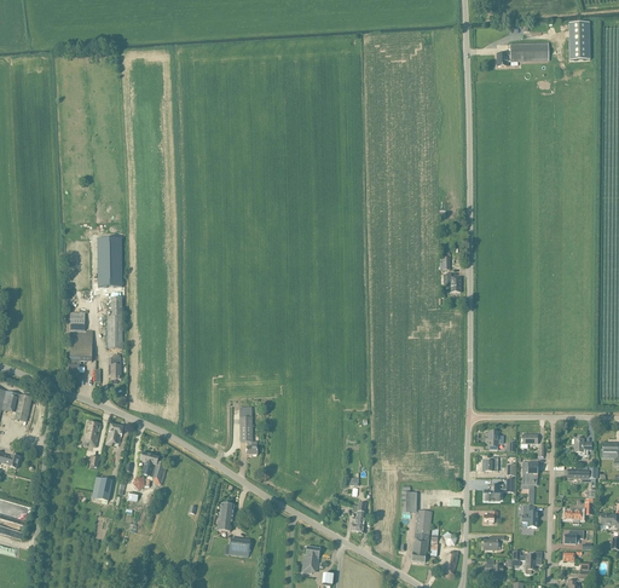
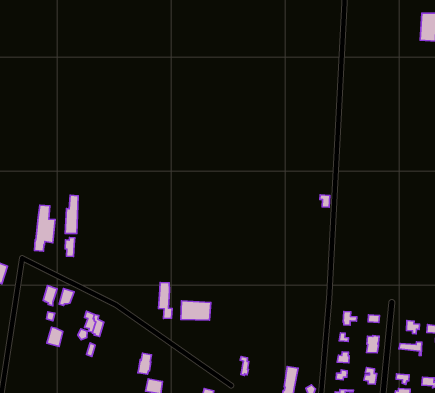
building: [496,42,546,65] -> none
building: [98,235,123,284] -> none
building: none -> [181,301,211,320]

